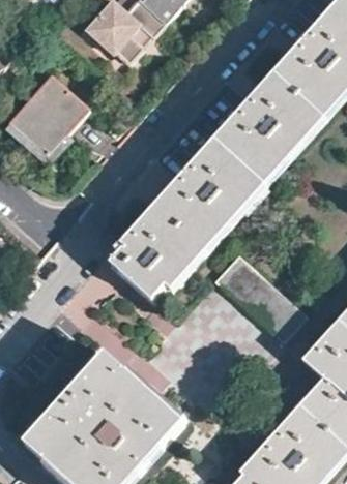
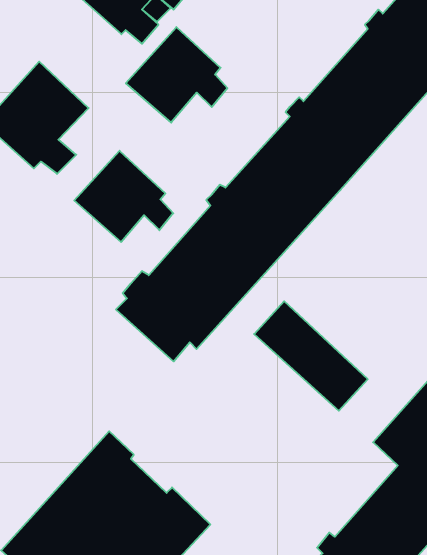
building: none -> [126,27,227,123]
building: none -> [74,151,173,242]

